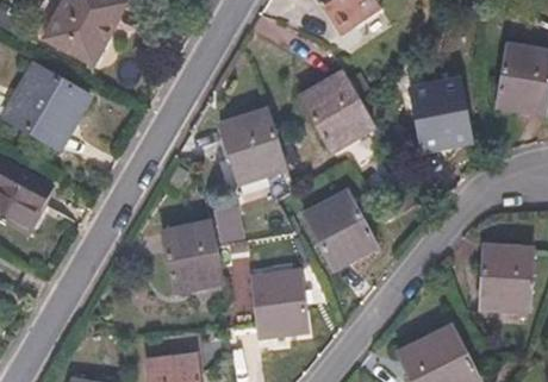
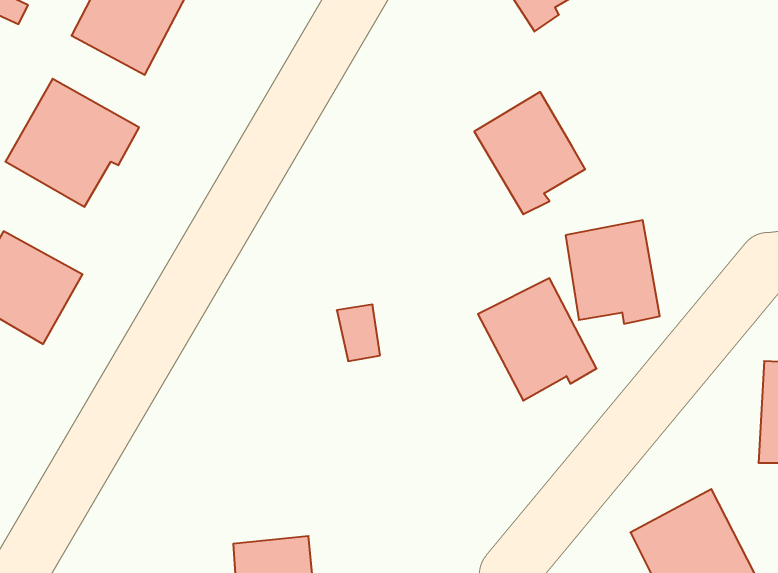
building: [411,80,471,145] -> [566,220,660,324]
building: [222,111,285,181] -> none
building: [164,224,220,293] -> none
building: [253,271,307,333] -> none

